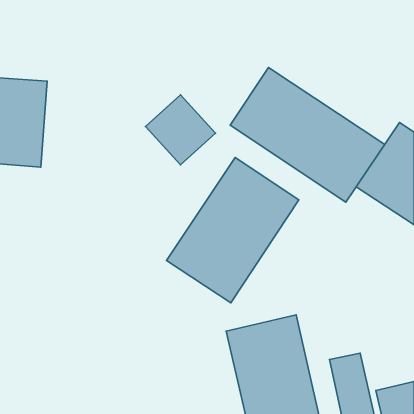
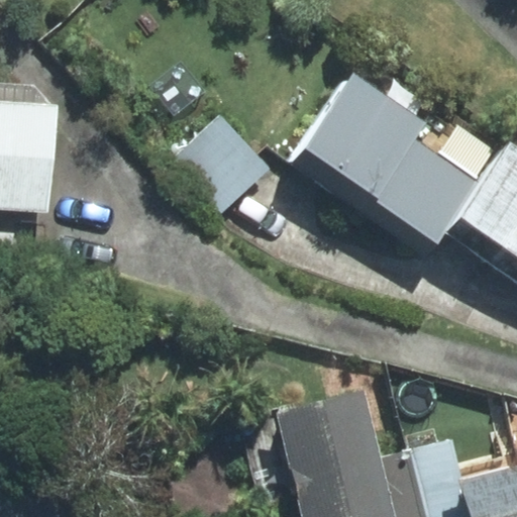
building: [167,158,299,303] -> none

